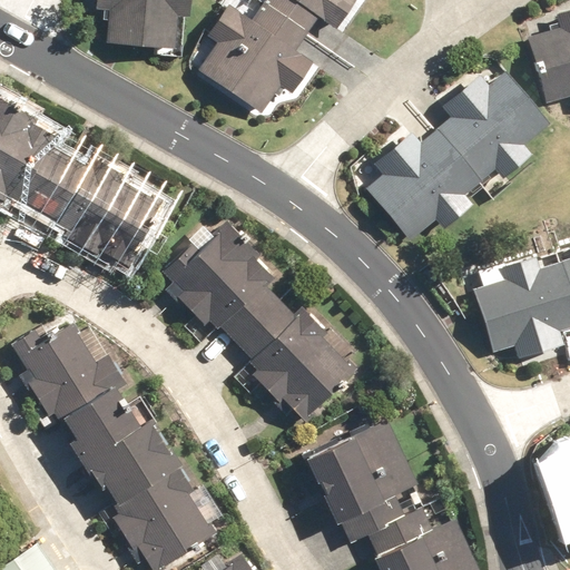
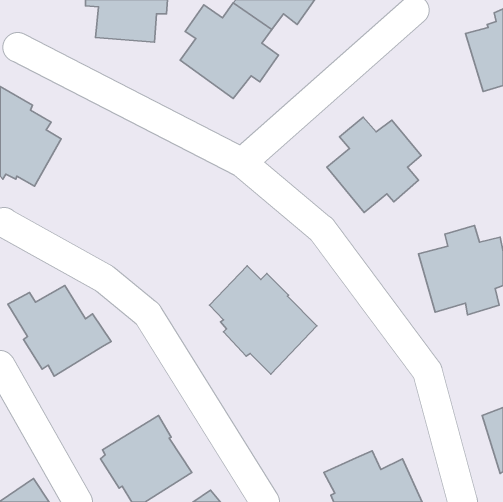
building: [443,70,550,178] -> none
building: [39,157,163,265] -> none
building: [161,223,279,344] -> none
building: [61,392,181,509] -> none
building: [305,421,417,543] -> none

